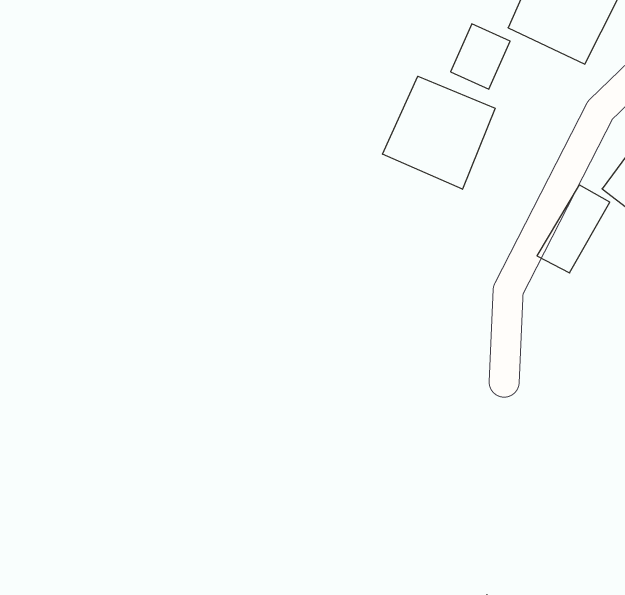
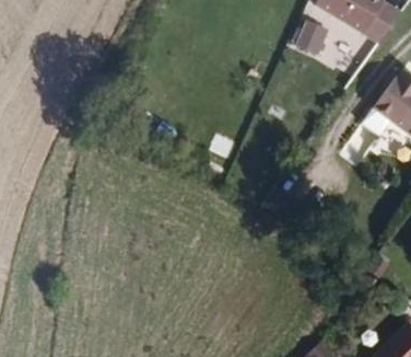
building: [383,76,495,189] -> none

